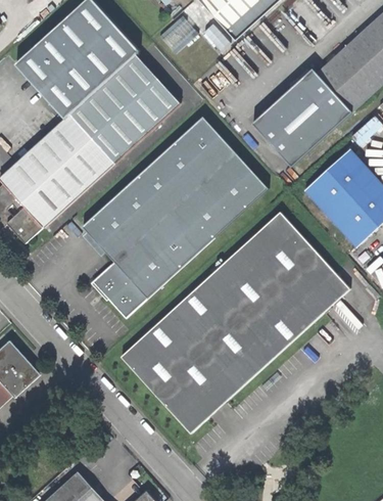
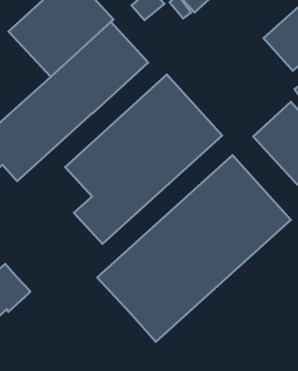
building: [251,67,351,167] -> none

